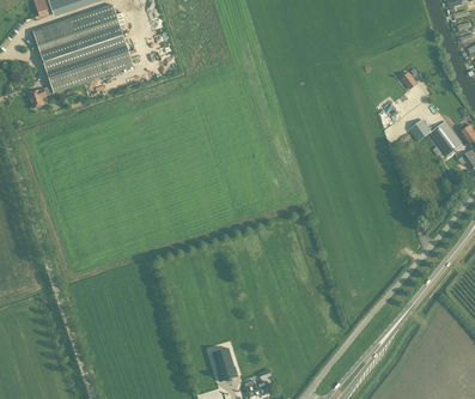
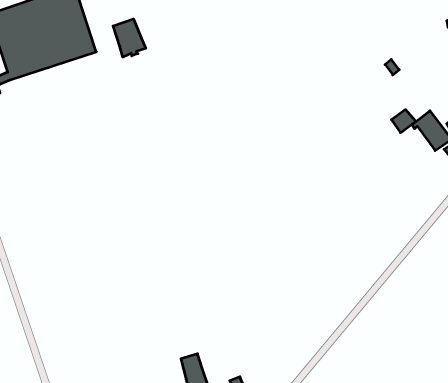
building: none -> [113,19,146,57]

